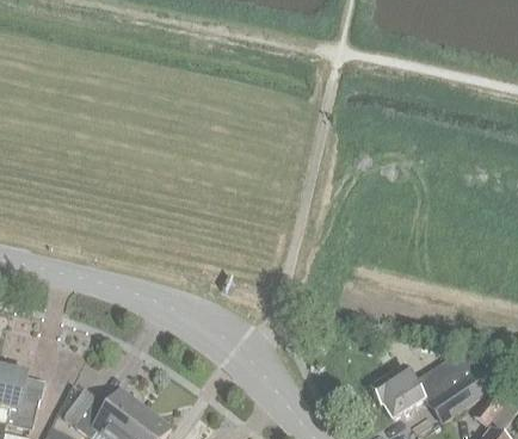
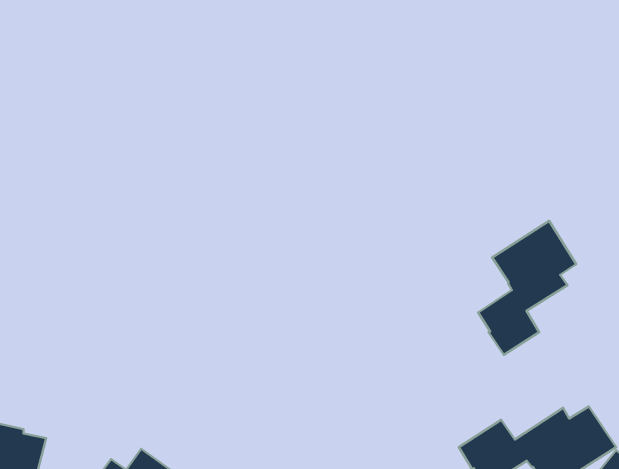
building: none -> [478,221,576,355]

